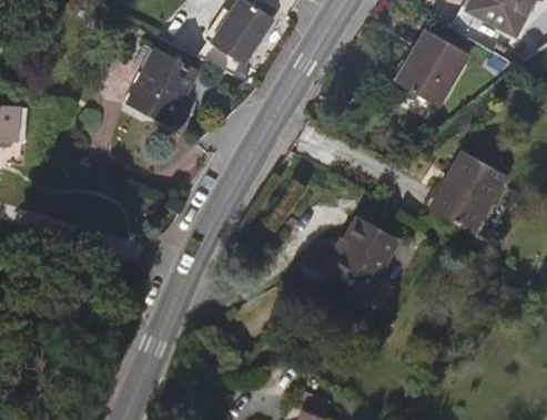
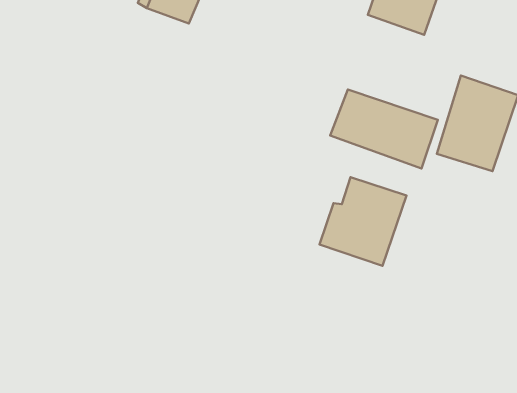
building: [123,50,199,134] -> none
building: none -> [330,89,438,168]

